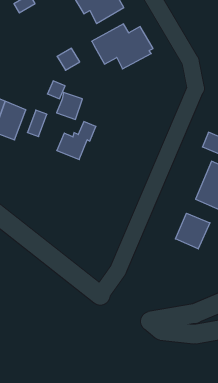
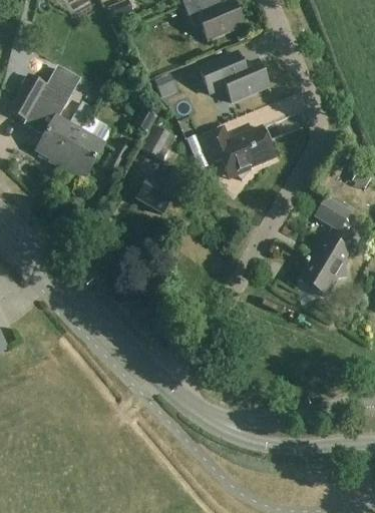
building: none -> [198,132,274,183]
building: [175,213,210,249] -> none

